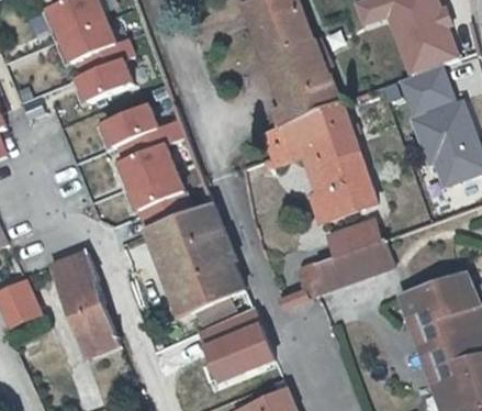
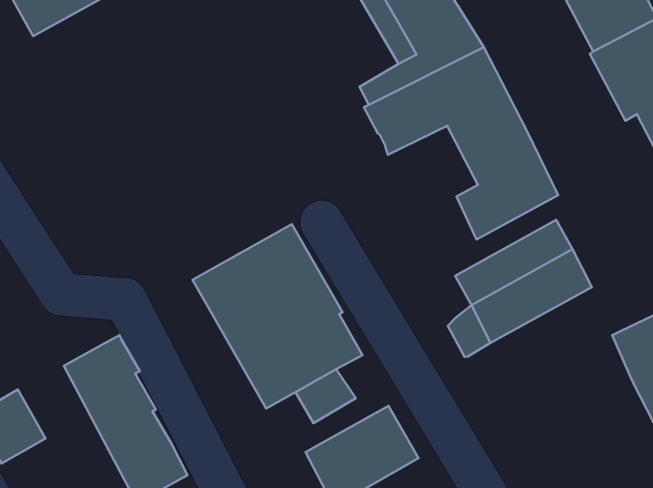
building: [72,58,132,103] -> none
building: [97,102,156,147] -> none
building: [112,137,184,210] -> none

